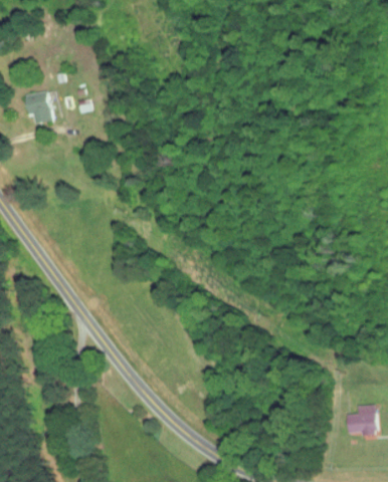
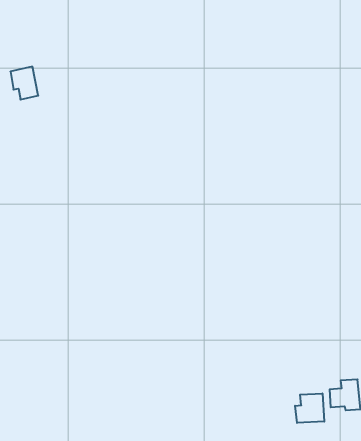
building: none -> [295,393,324,423]

